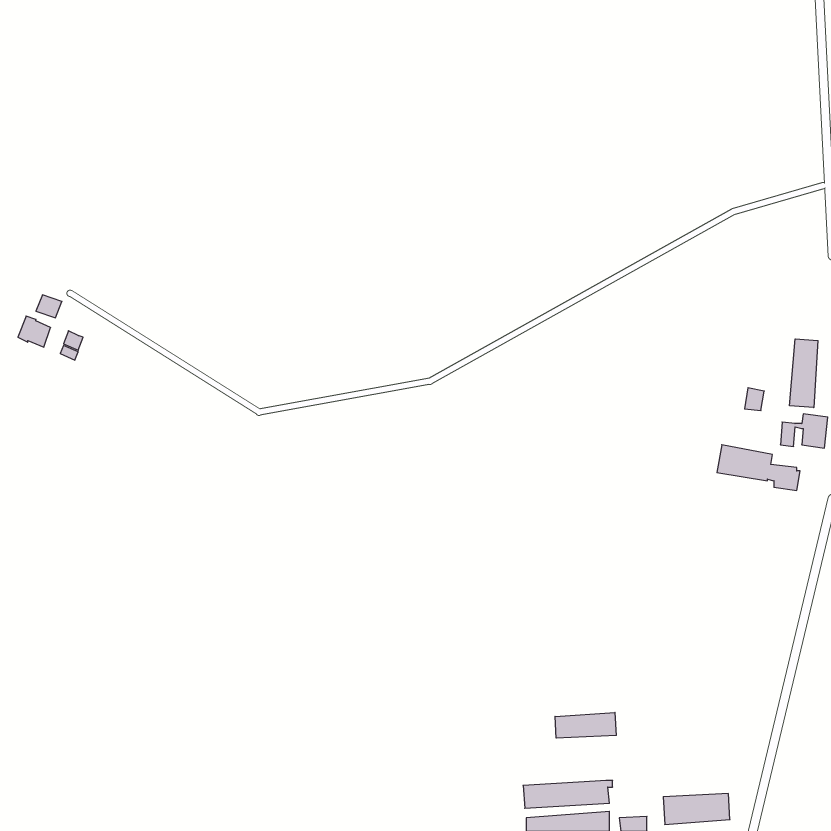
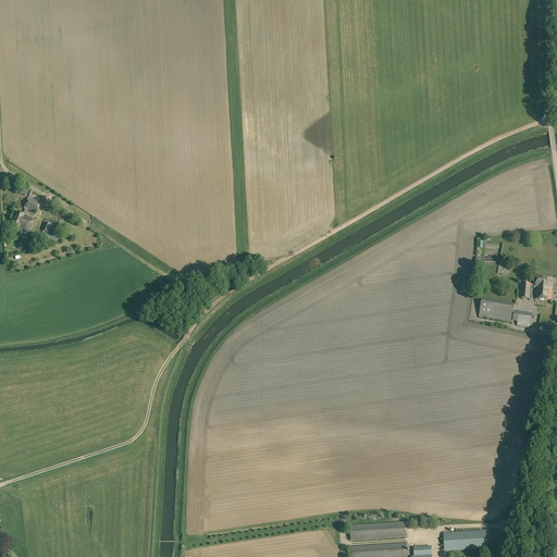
building: [790,339,818,408] -> none
building: [555,712,616,738] -> none

